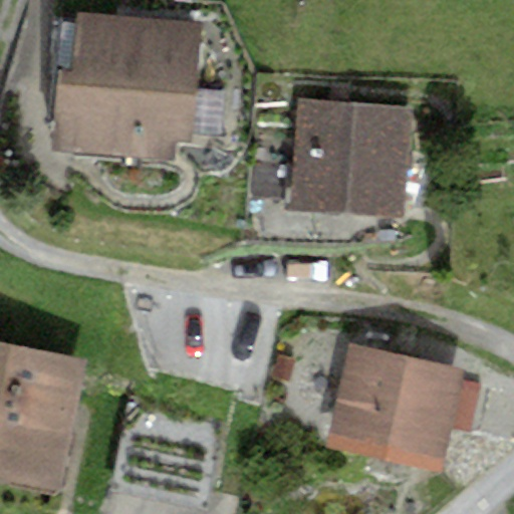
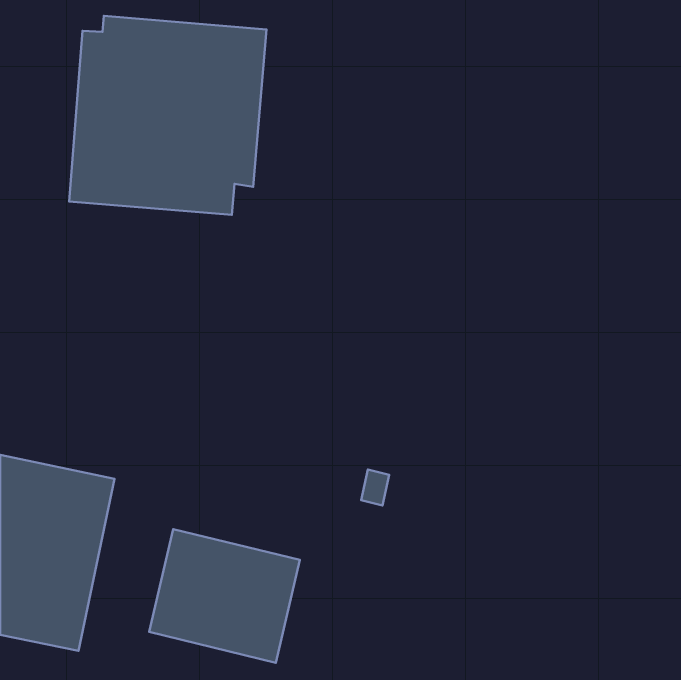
building: [292,101,417,216] -> none
building: [320,344,454,466] -> none

